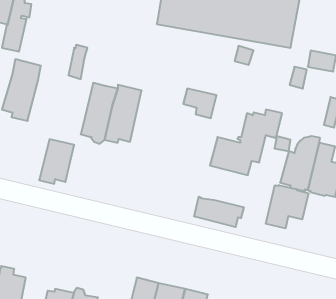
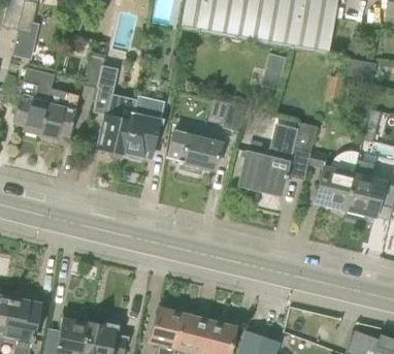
building: none -> [169,119,222,173]
building: [39,139,74,184] -> [41,90,79,138]
building: [266,185,309,228] -> none
building: [194,197,244,227] -> none

